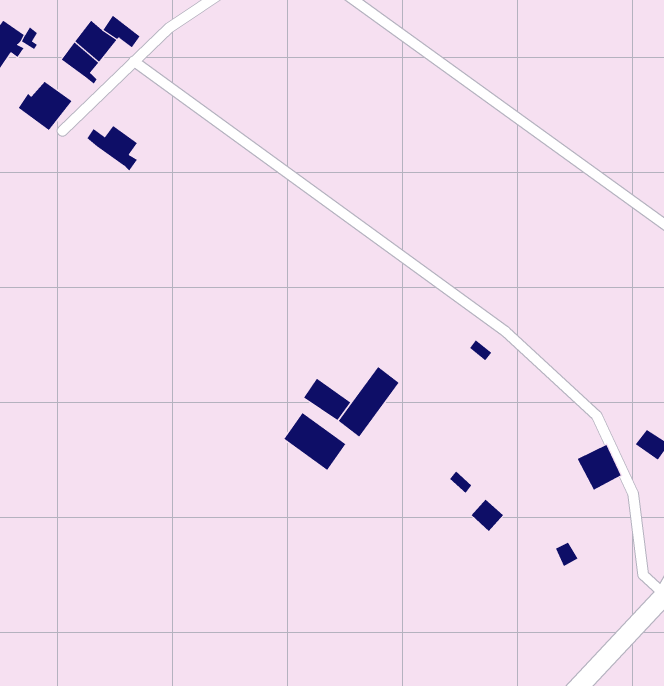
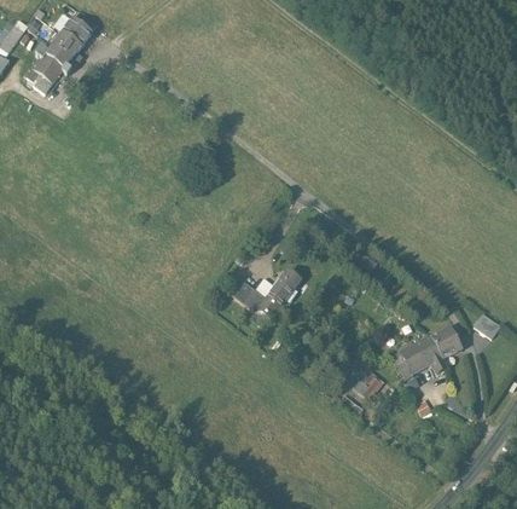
building: [86,125,138,171] -> [34,45,71,79]
building: [284,412,346,471] -> none
building: none -> [397,336,445,375]

